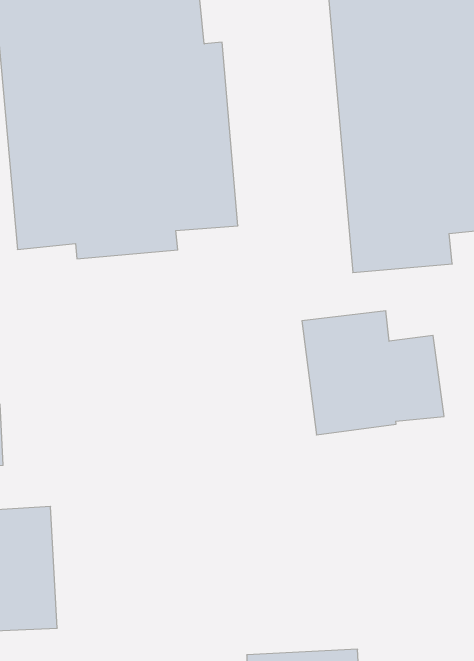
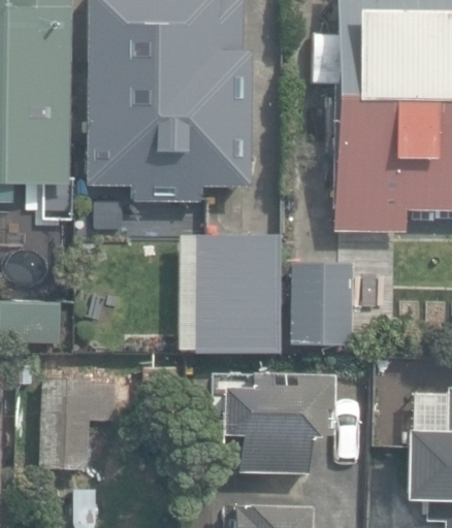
building: none -> [173,230,281,355]
building: none -> [212,374,333,471]

